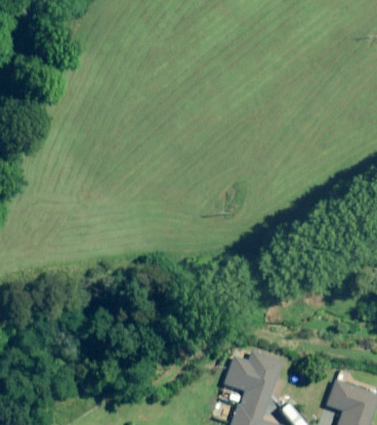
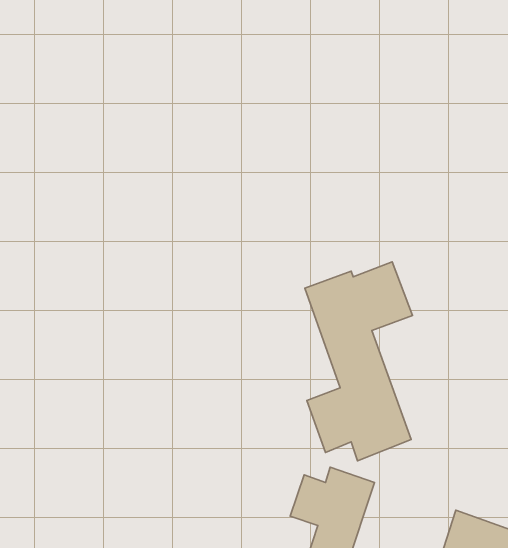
building: none -> [305,262,413,461]

